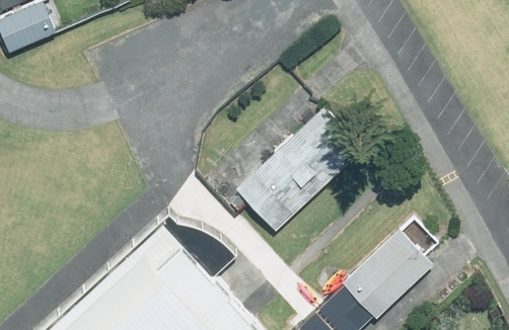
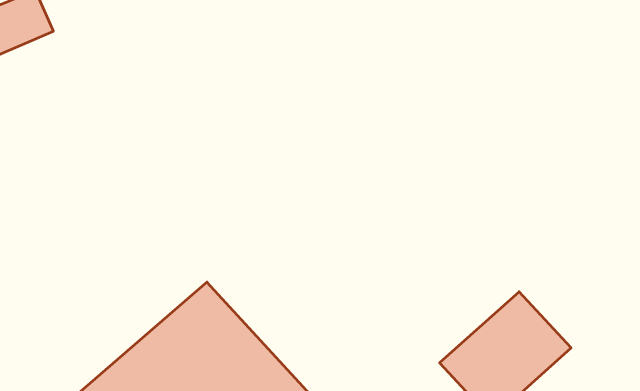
building: [231,107,358,230] -> none

